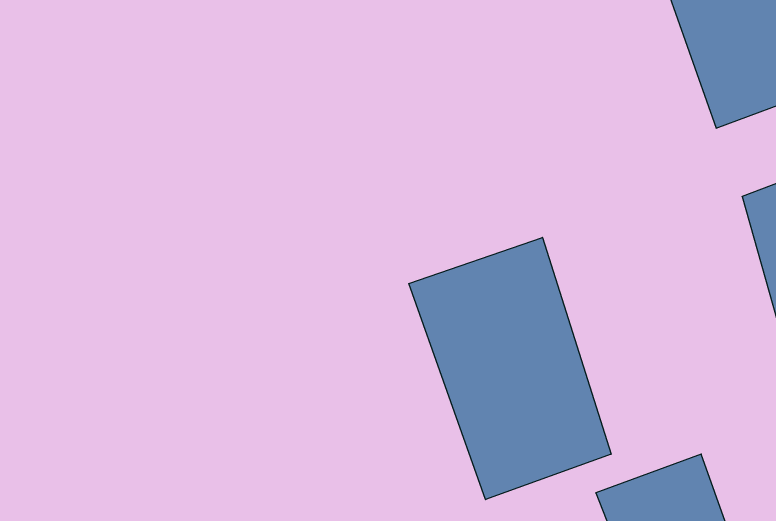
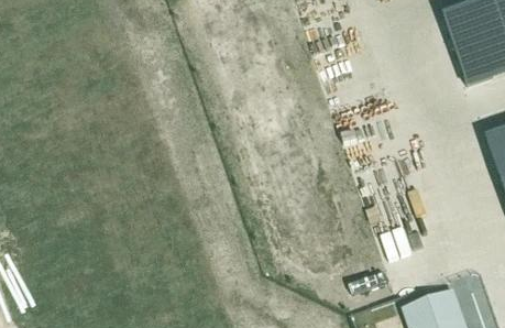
building: [409,237,611,500] -> none

